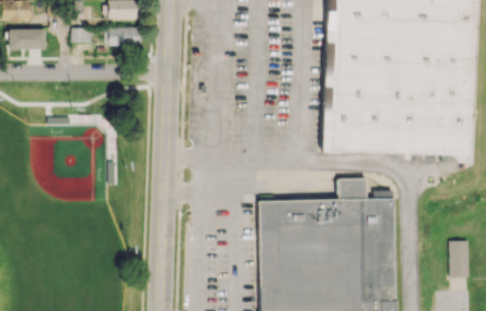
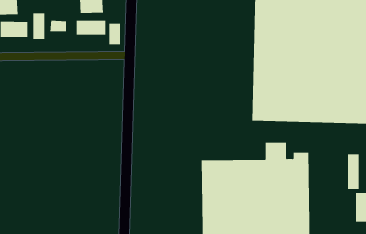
building: none -> [33,13,45,40]
building: none -> [109,23,121,45]
building: none -> [348,153,359,190]

